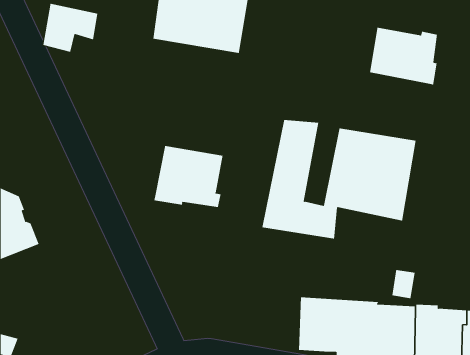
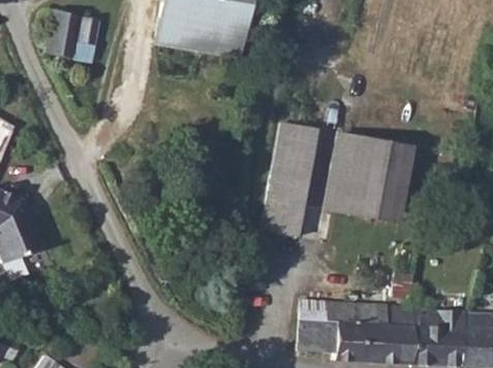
building: [369,27,438,85] -> none
building: [154,145,223,208] -> none

